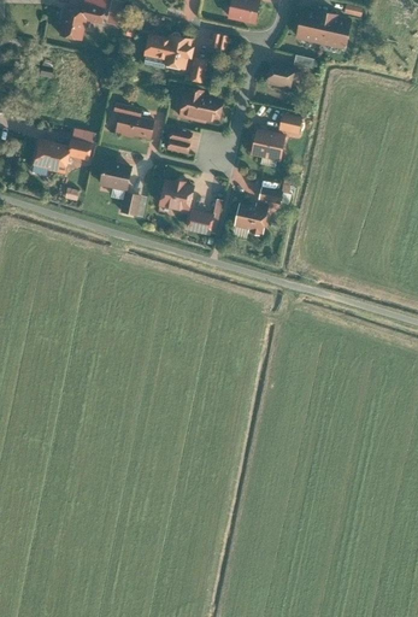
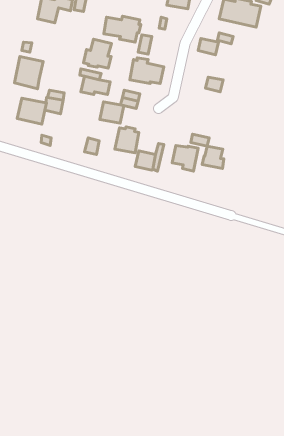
building: none -> [84,39,111,68]
building: none -> [14,57,43,89]
building: [252,128,285,159] -> none
building: [100,160,131,188] -> [100,102,124,123]
building: none -> [202,146,224,169]

